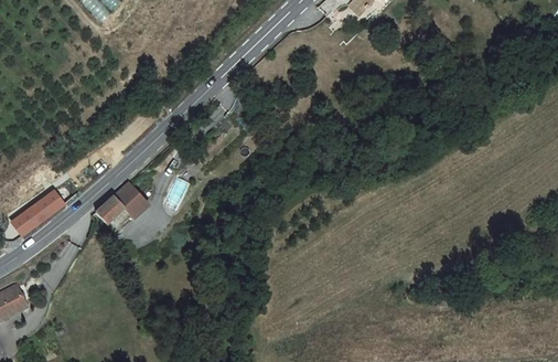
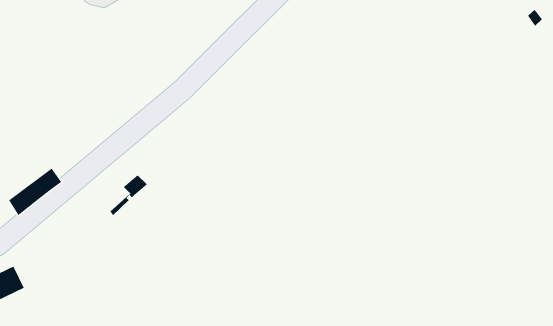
building: [95,182,139,231] -> none

